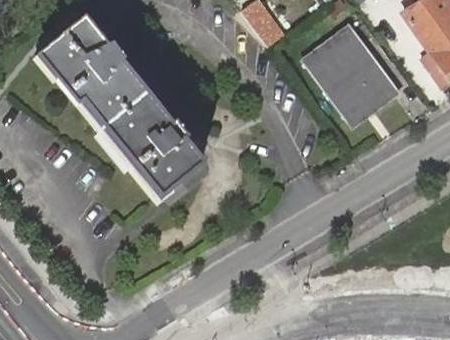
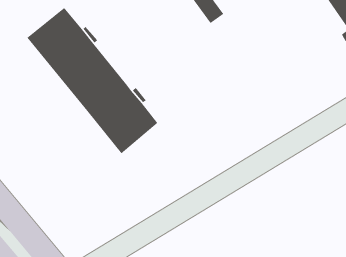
building: [306,27,400,127] -> none

